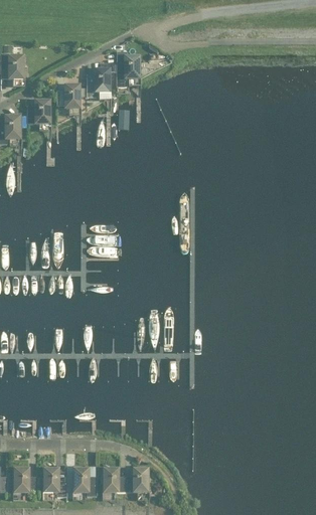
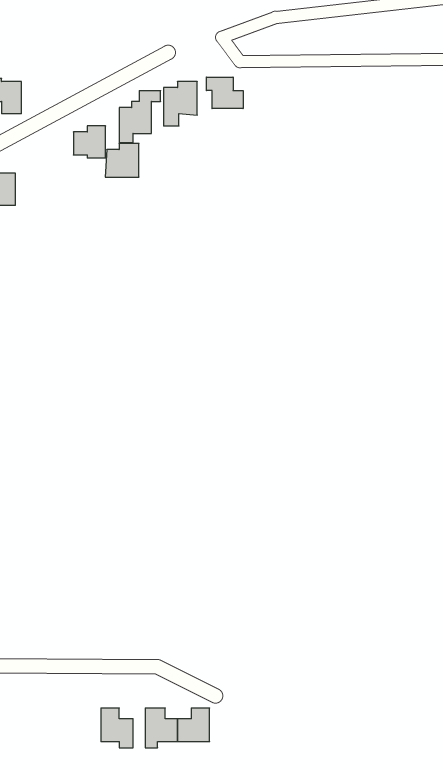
building: none -> [206,77,243,109]
building: [26,101,48,123] -> [105,143,139,177]
building: [44,464,65,495] -> none
building: [14,469,36,491] -> none

